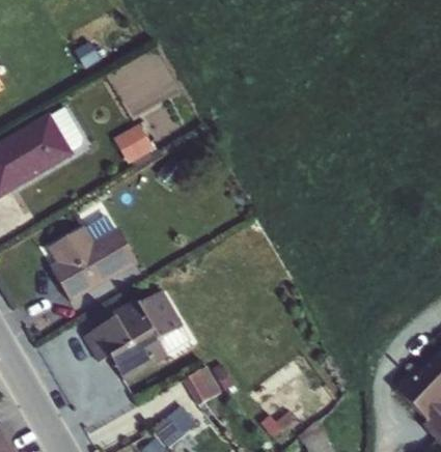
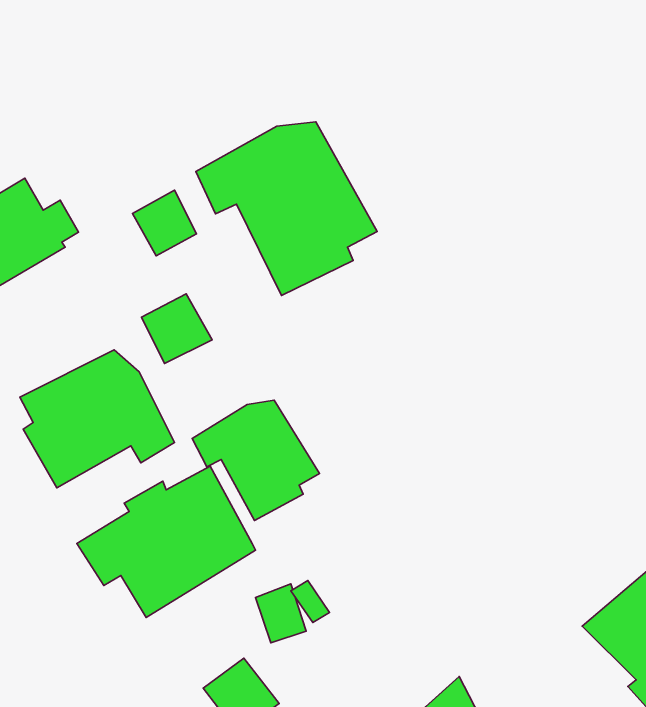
building: none -> [196,122,377,295]
building: none -> [141,294,212,363]
building: none -> [192,400,319,521]

